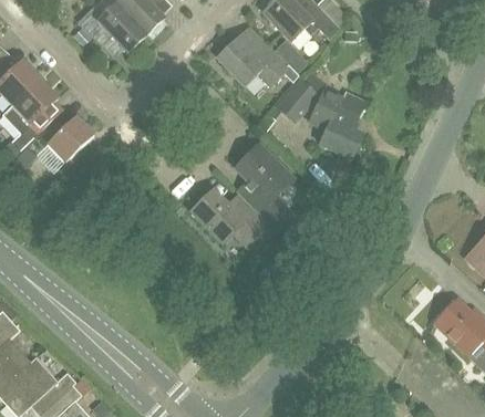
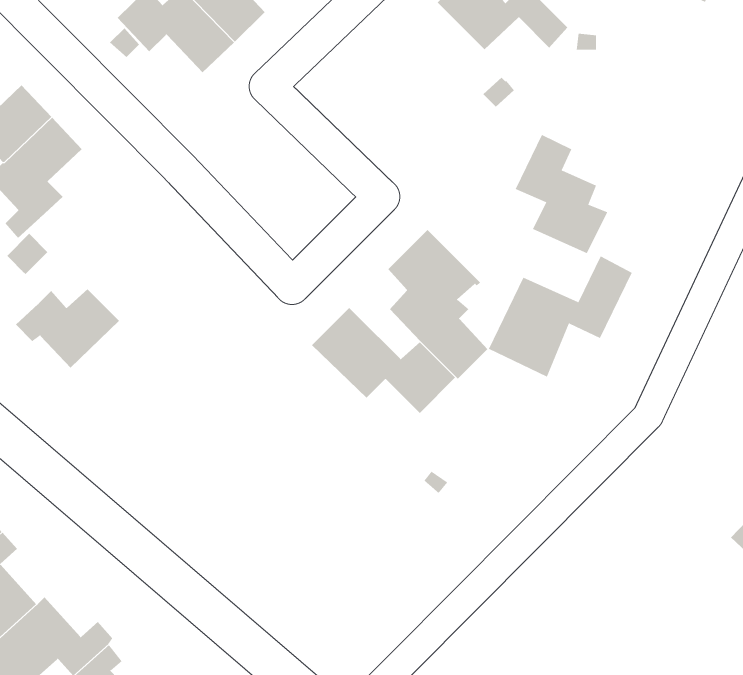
building: [217,28,287,85] -> none
building: [275,80,316,123] -> none
building: [33,116,94,163] -> [15,288,120,368]
building: none -> [488,255,632,378]

